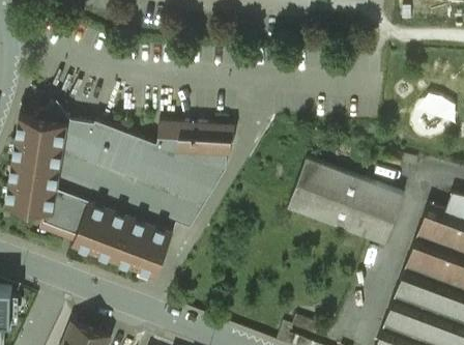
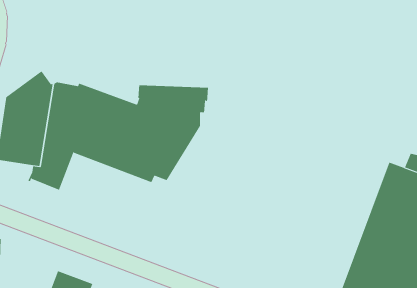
building: [288,159,404,243] -> none
building: [72,195,174,272] -> none

